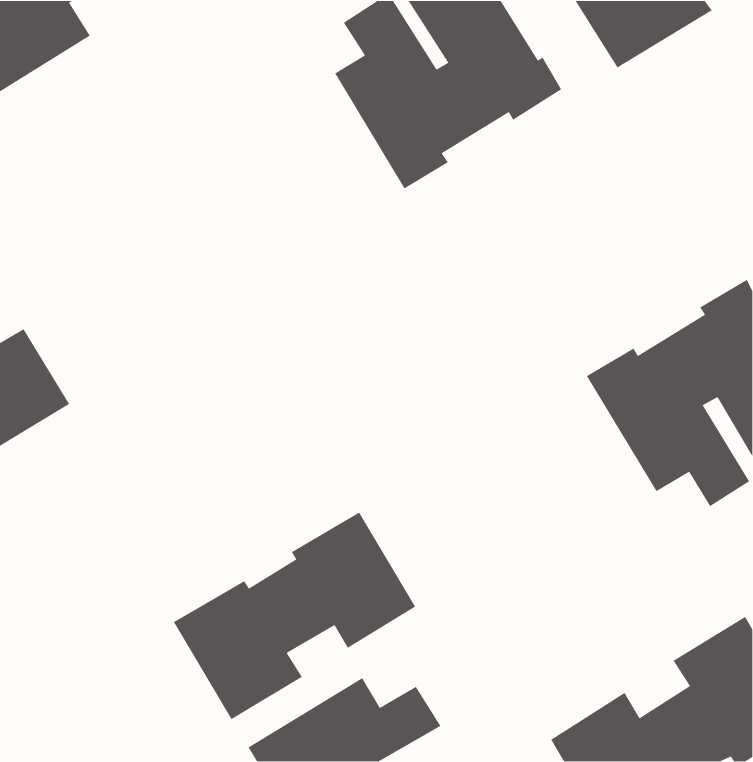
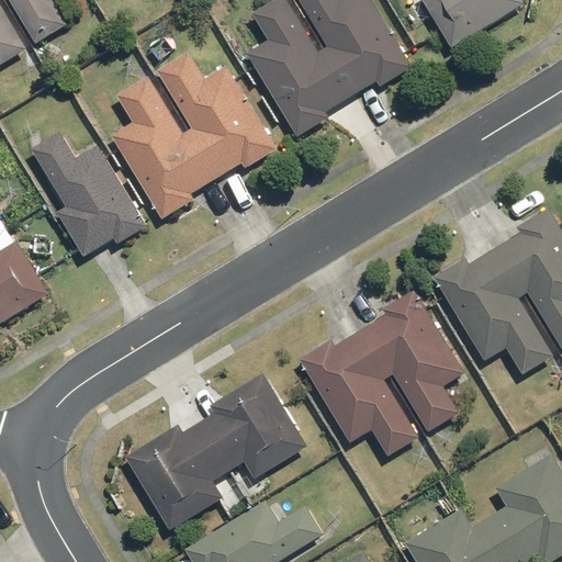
building: none -> [113,52,279,221]
building: none -> [30,133,147,258]
building: none -> [297,288,463,454]

